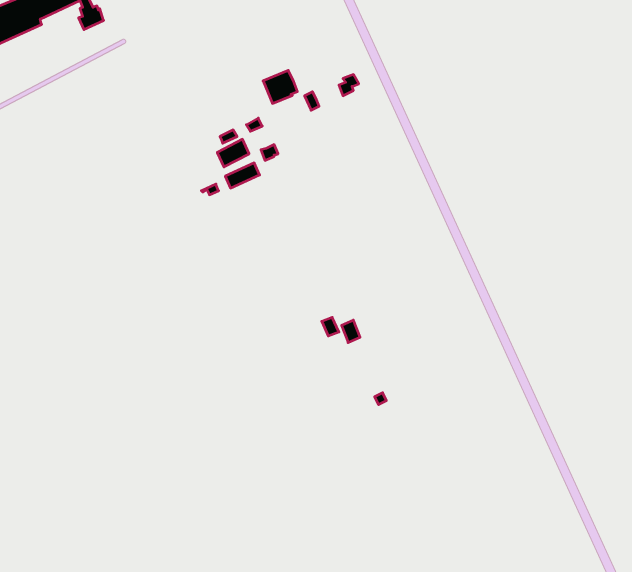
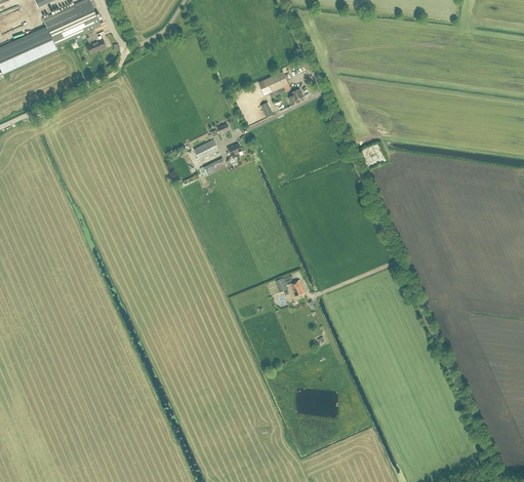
building: [263,70,297,103] -> [263,71,289,96]

